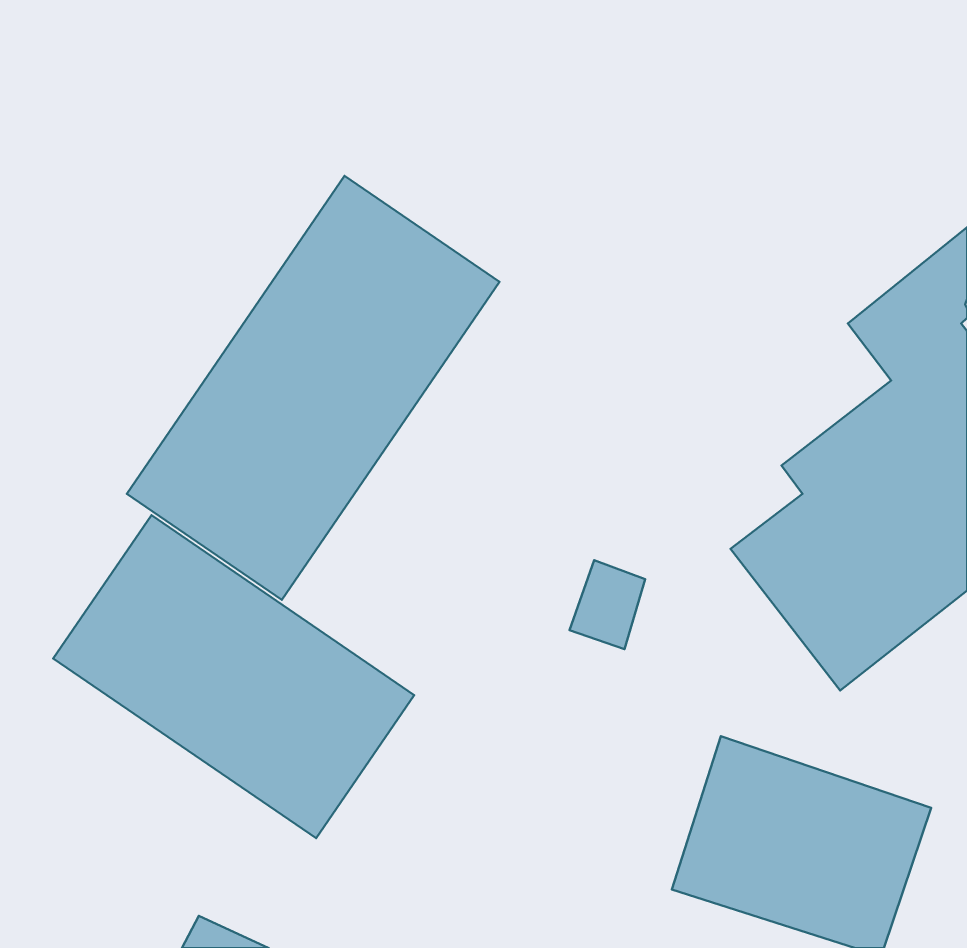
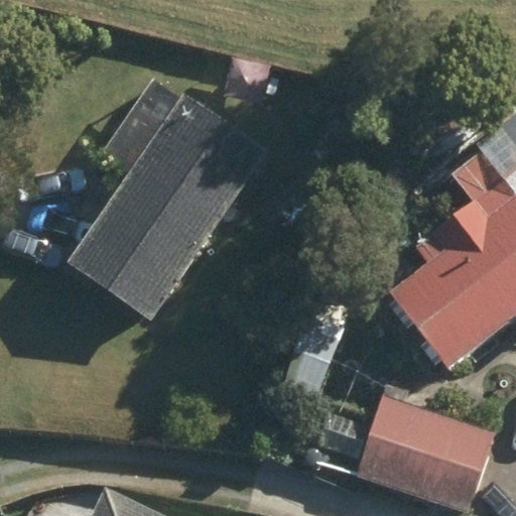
building: [53,515,414,838] -> none

